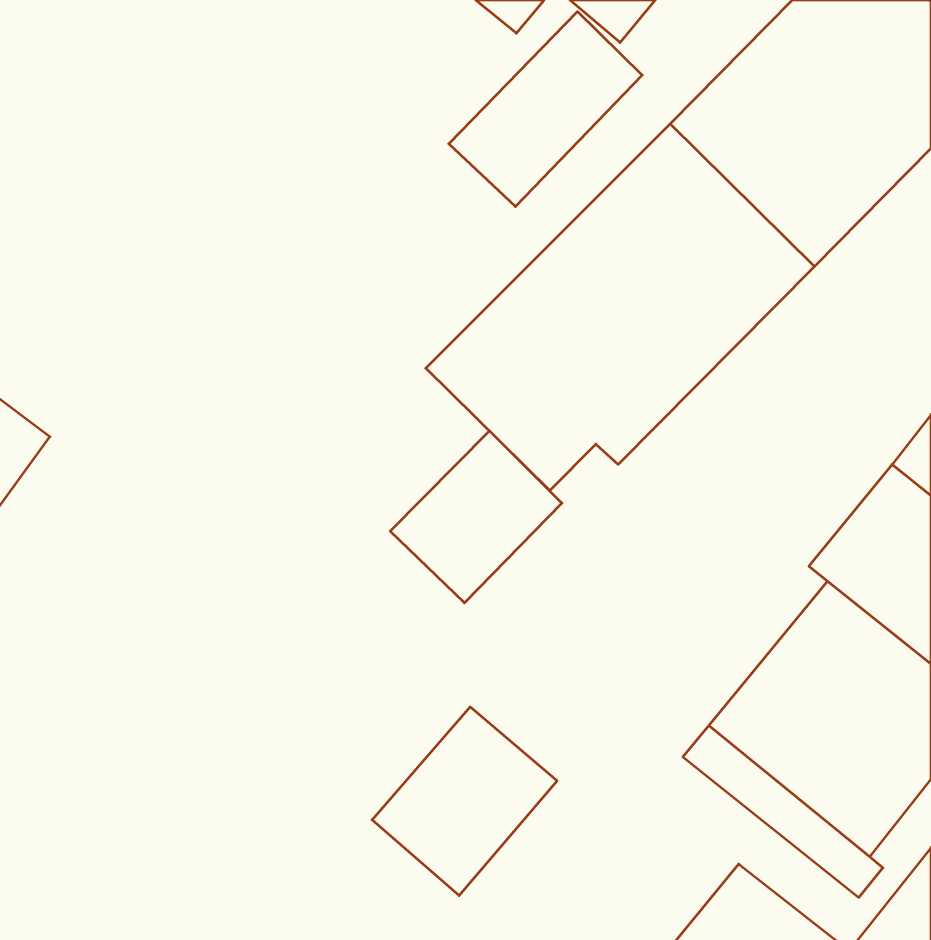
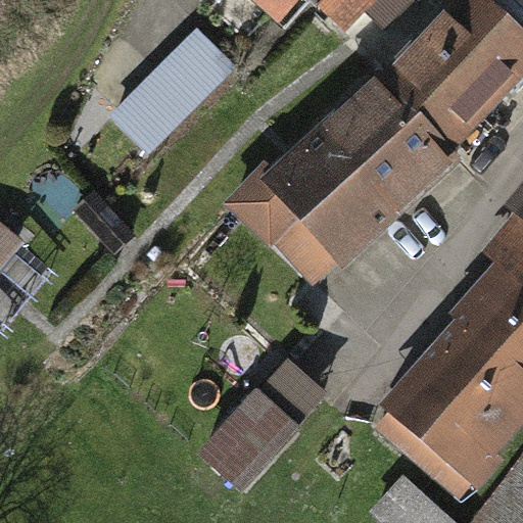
building: [449,12,642,207] -> none
building: none -> [109,33,240,164]
building: [390,431,562,603] -> none

